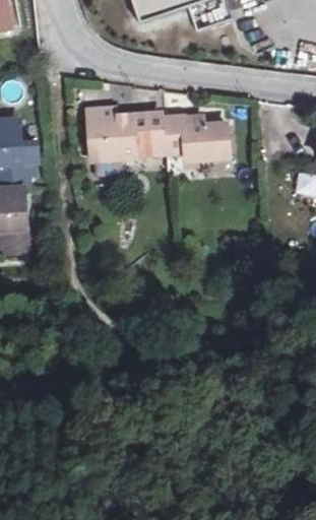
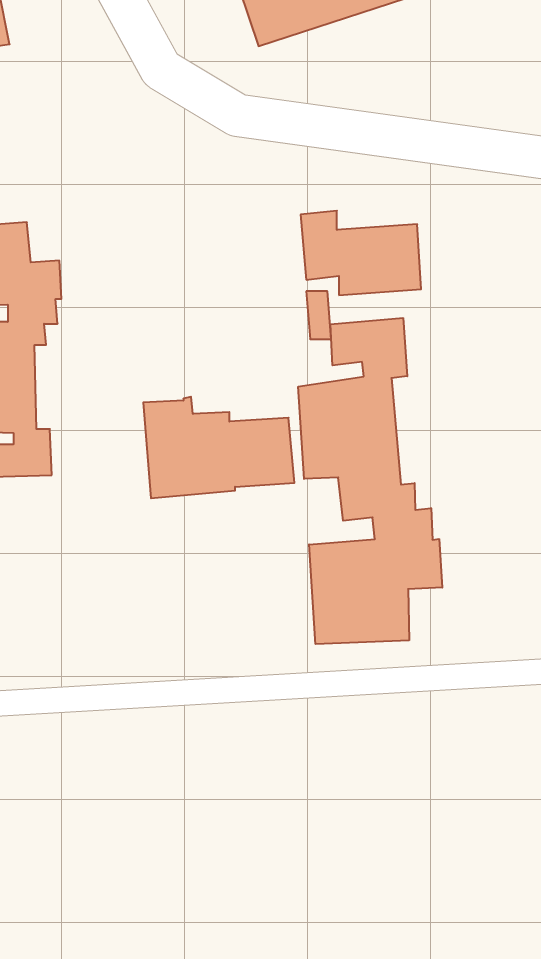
building: [87,105,168,158] -> [143,397,294,498]
building: none -> [298,318,442,644]

